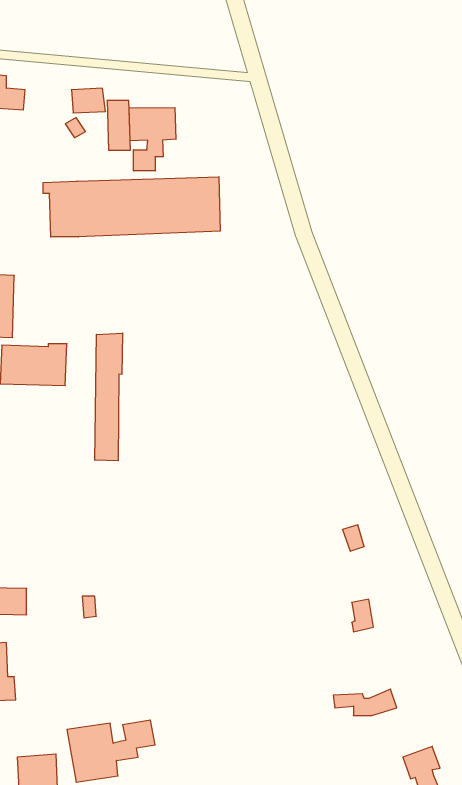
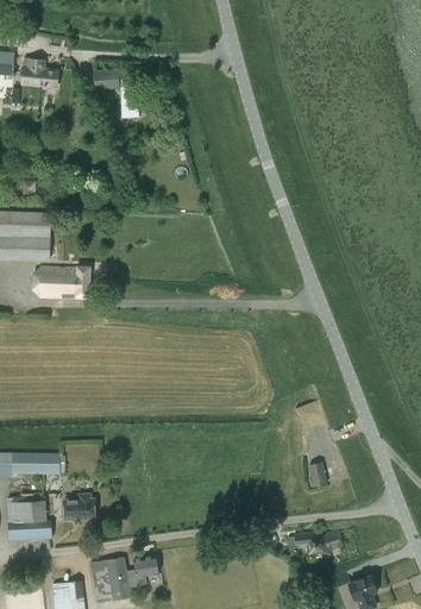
building: [129,108,176,171] -> none
building: [43,177,220,237] -> none
building: [95,333,123,461] -> none
building: none -> [63,494,95,520]

